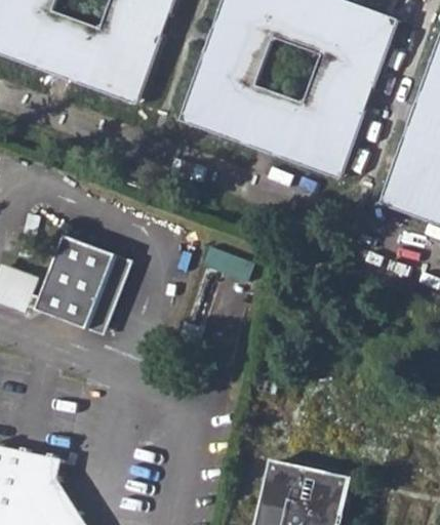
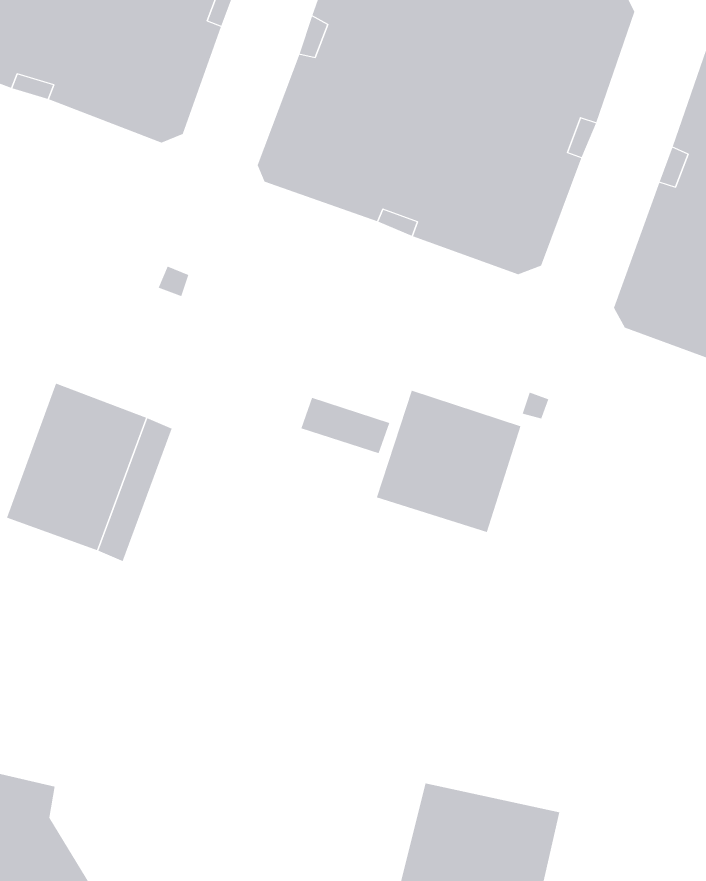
building: none -> [376,390,521,533]

